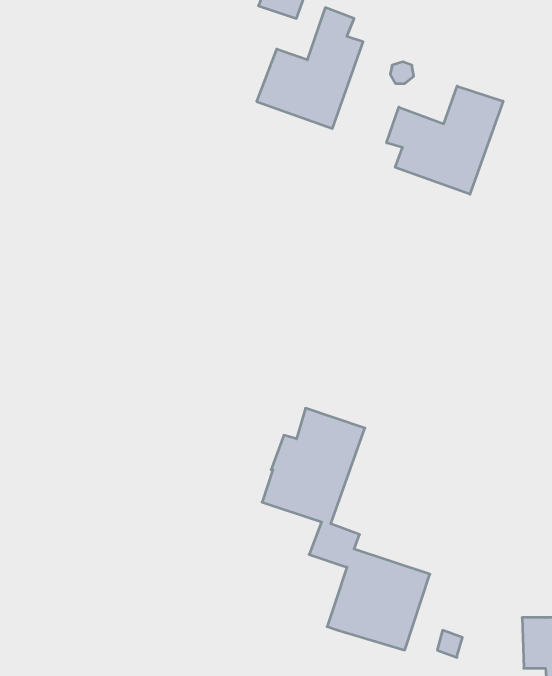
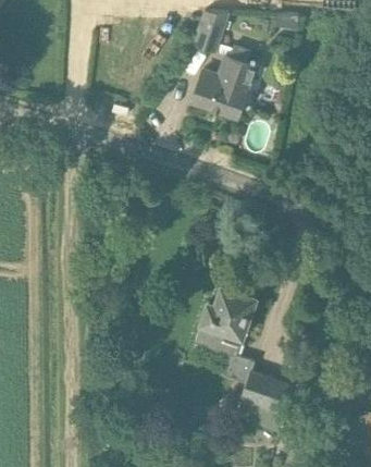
building: [387,86,503,194] -> none

